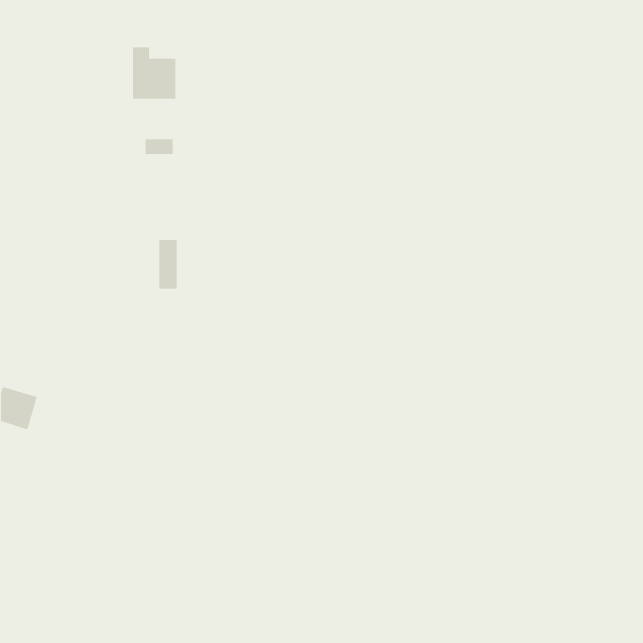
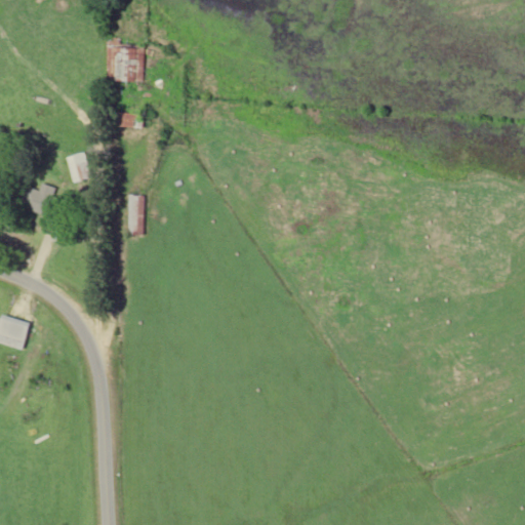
building: none -> [67,153,91,183]
building: none -> [21,187,57,217]

